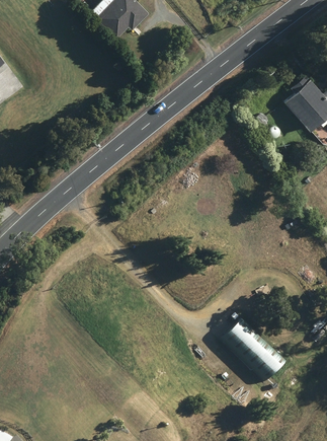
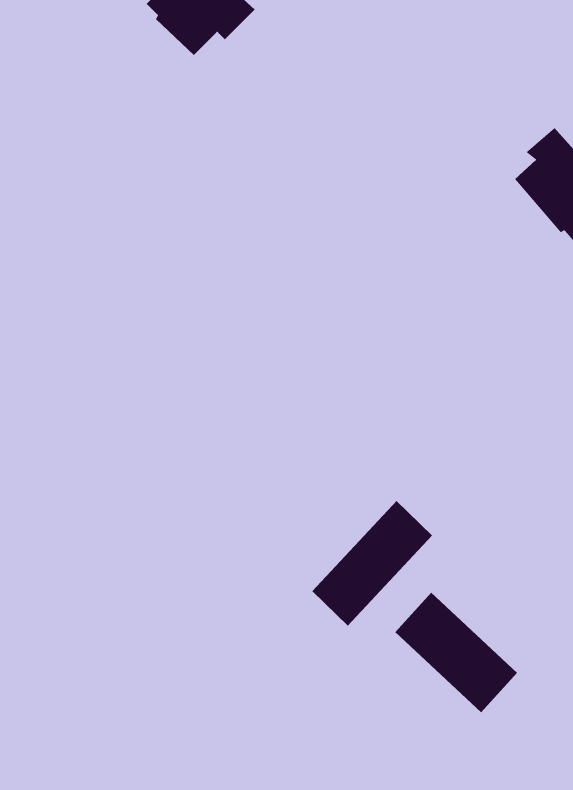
building: none -> [311,500,433,627]

